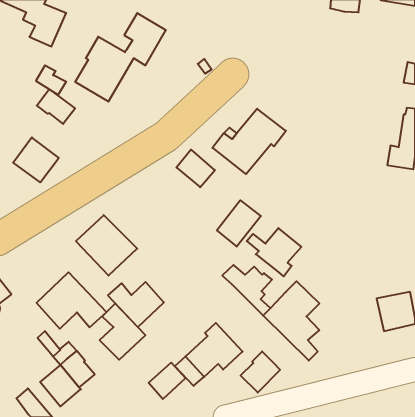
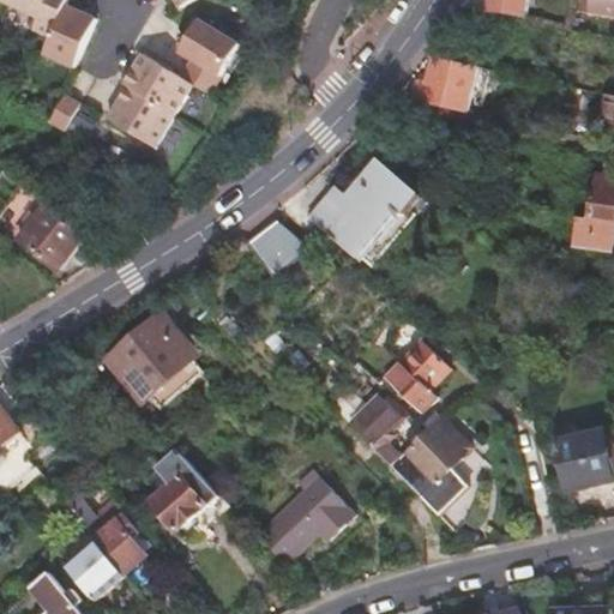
building: none -> [413,56,489,110]
building: [37,89,75,124] -> none
building: [217,200,261,247] -> none
building: [37,272,106,329] -> none
building: [108,282,164,327] -> none
building: [241,351,280,393] -> none
building: [149,363,186,399] -> none

